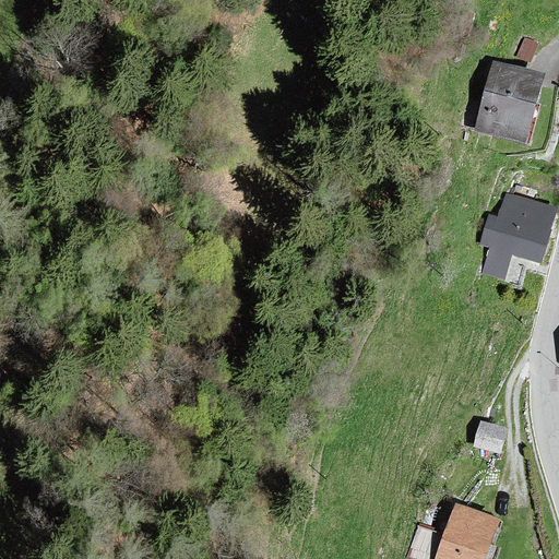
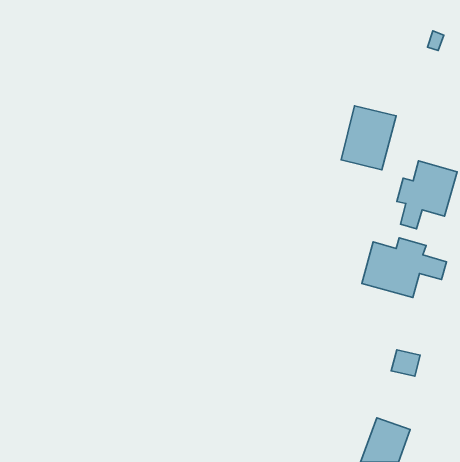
building: [476,64,543,142] -> [341,106,396,170]
building: none -> [362,238,447,298]

